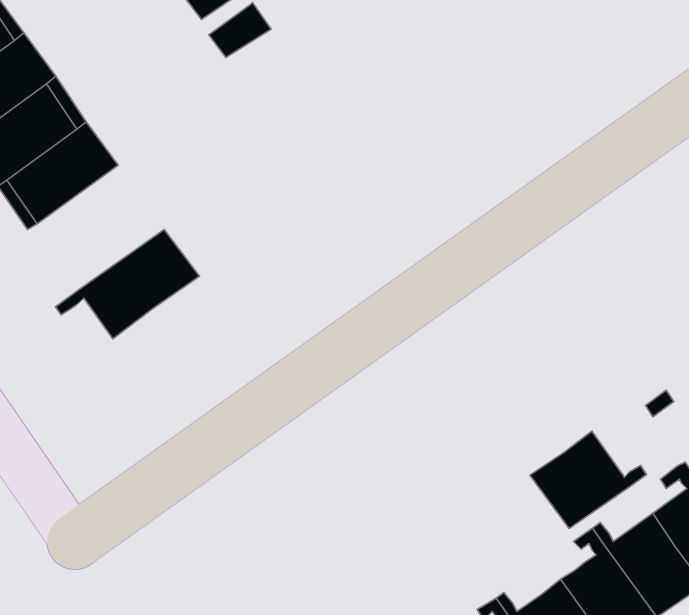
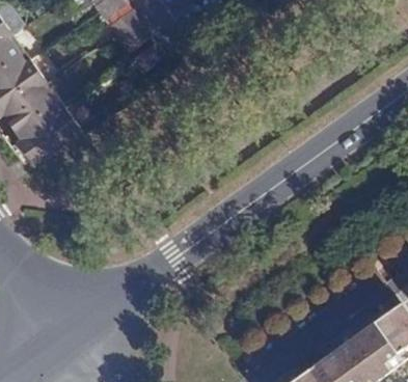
building: [56,229,200,339] -> none
building: [530,431,647,528] -> none

